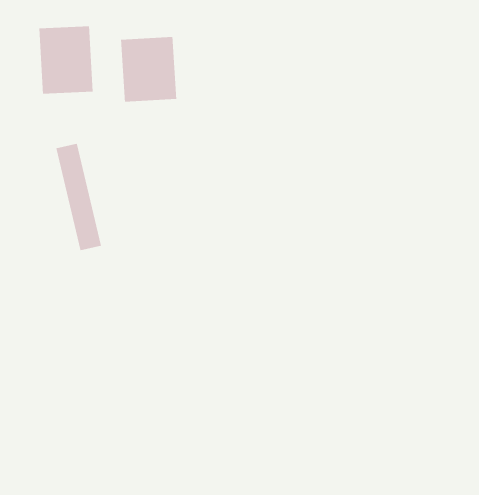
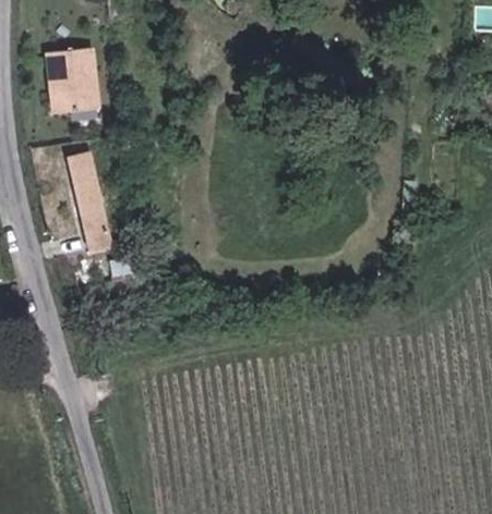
building: [121,36,177,102] -> none

